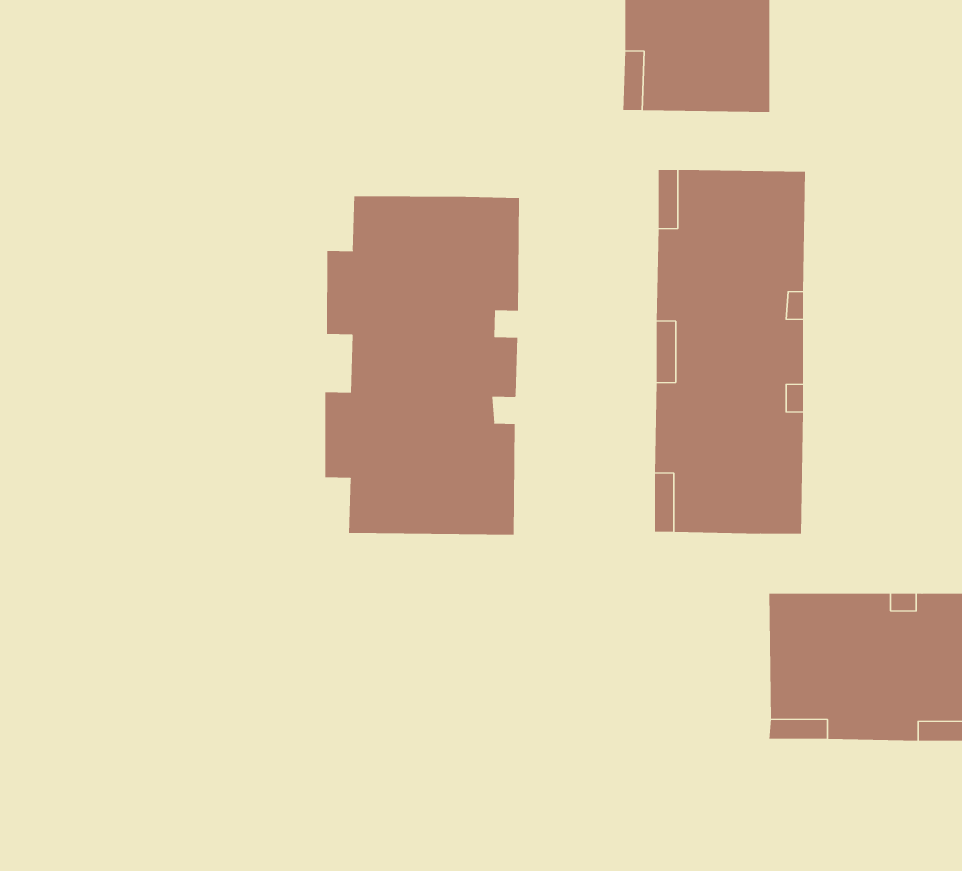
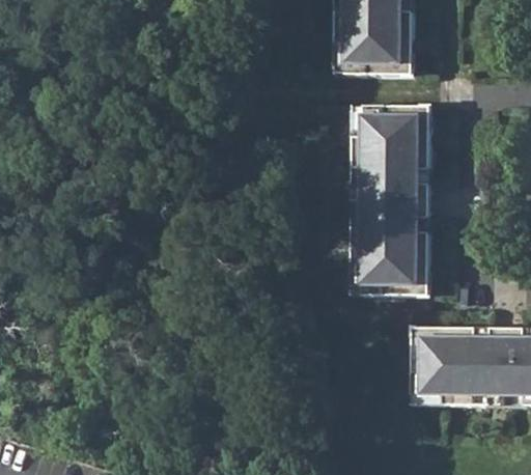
building: [325,196,520,535] -> none

